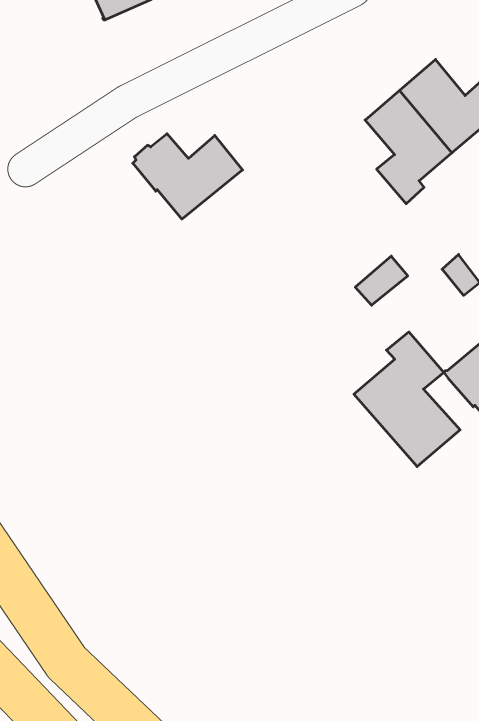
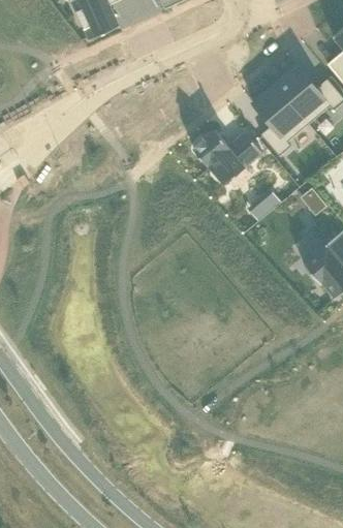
building: [133,134,243,219] -> [193,130,262,184]
building: [354,332,460,467] -> none

